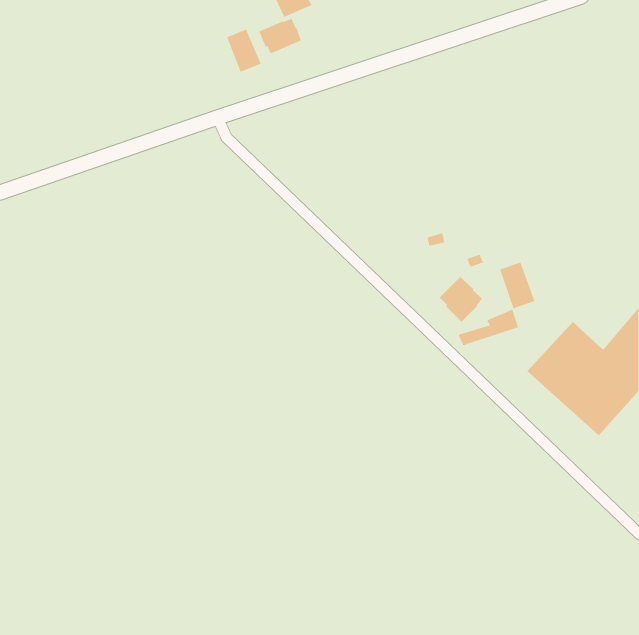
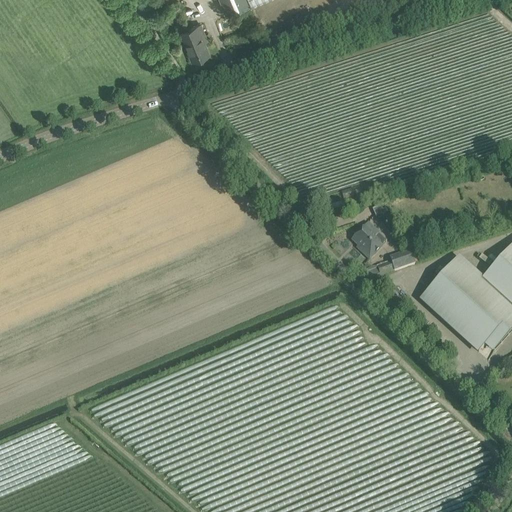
building: [258,18,302,54] -> none
building: [500,261,535,309] -> none

